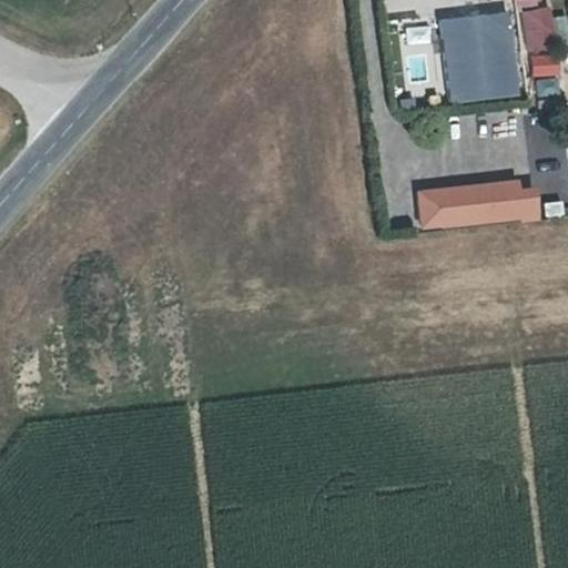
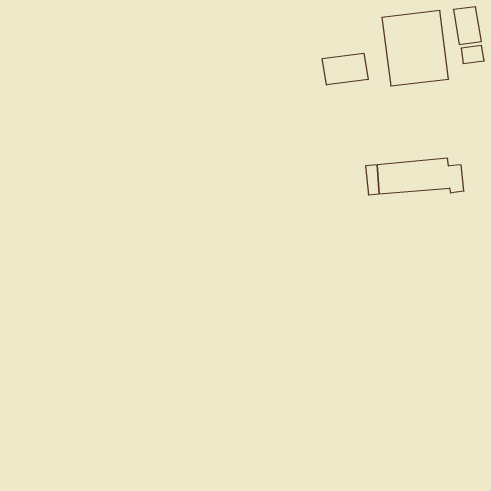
building: none -> [322,53,368,85]

